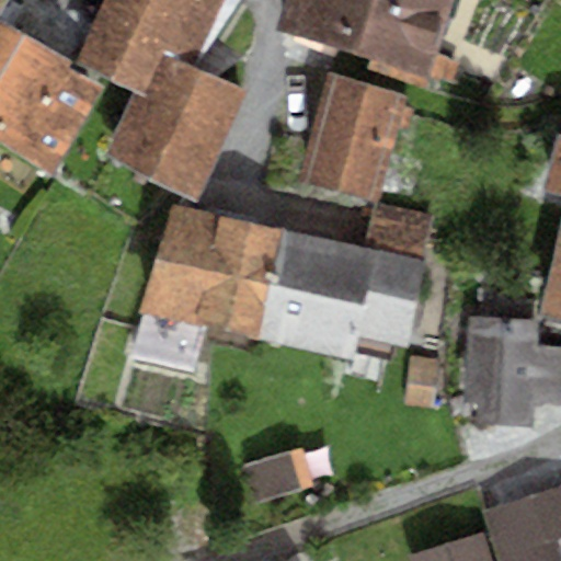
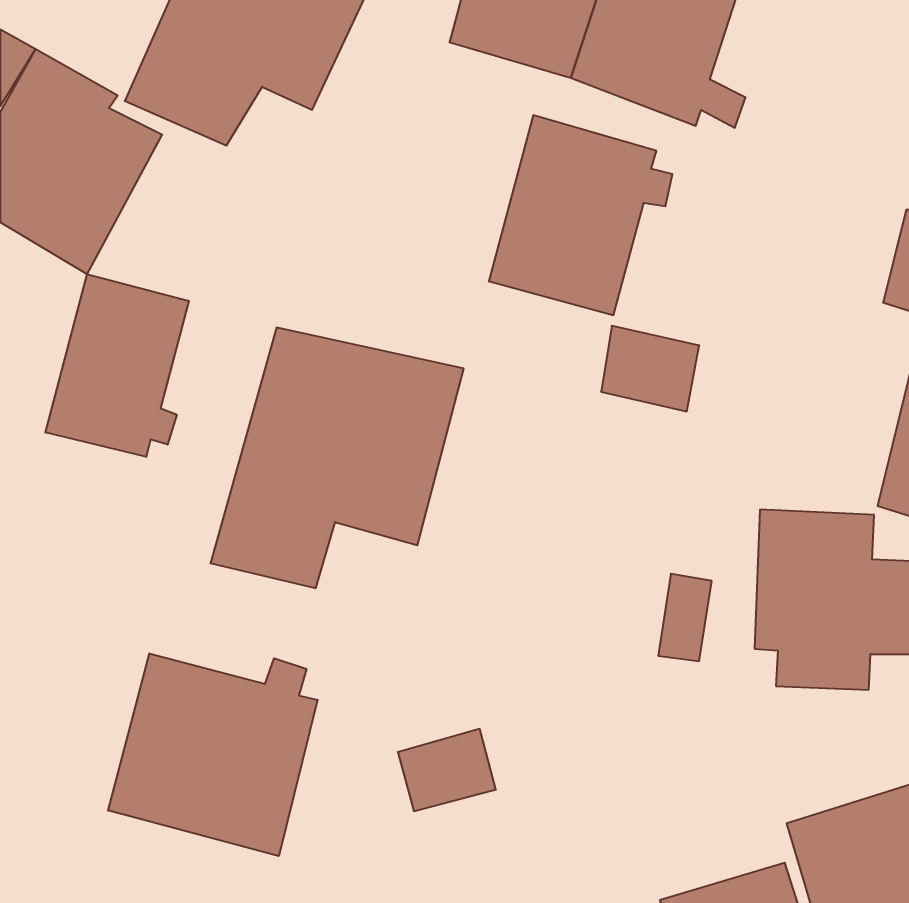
building: [107,56,249,199] -> none
building: none -> [45,274,189,457]
building: [257,229,425,360] -> none
building: none -> [108,653,318,856]

